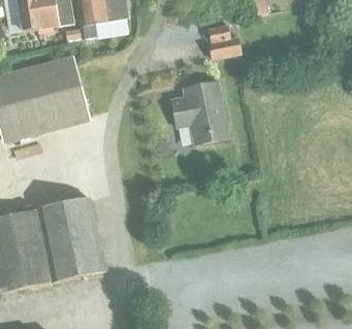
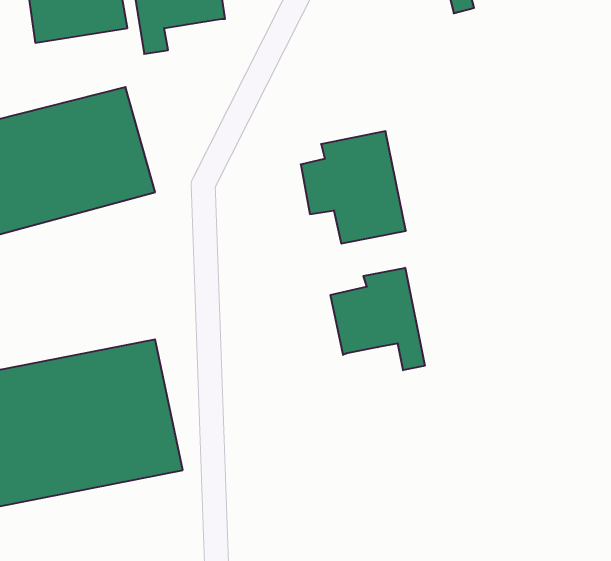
building: [209,25,239,59] -> none
building: none -> [331,268,425,370]

